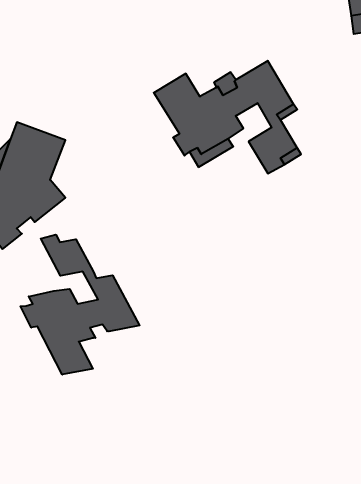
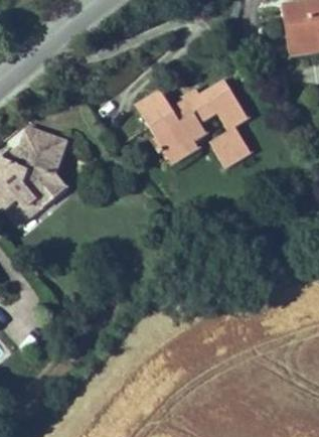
building: [20,235,140,375] -> none

